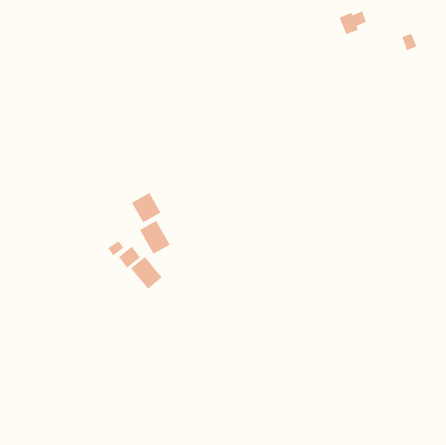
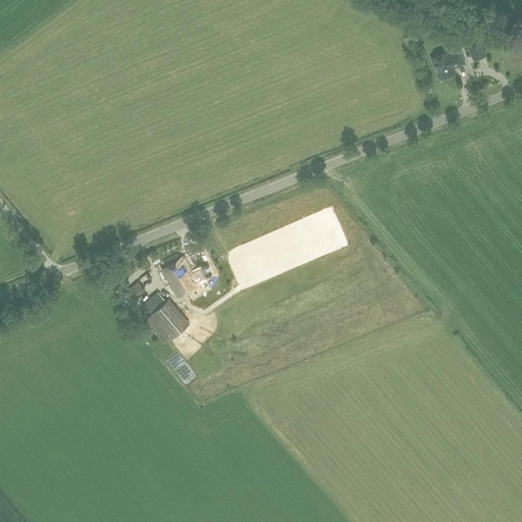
building: [339,10,367,35] -> [433,51,466,80]
building: [131,192,161,223] -> none

